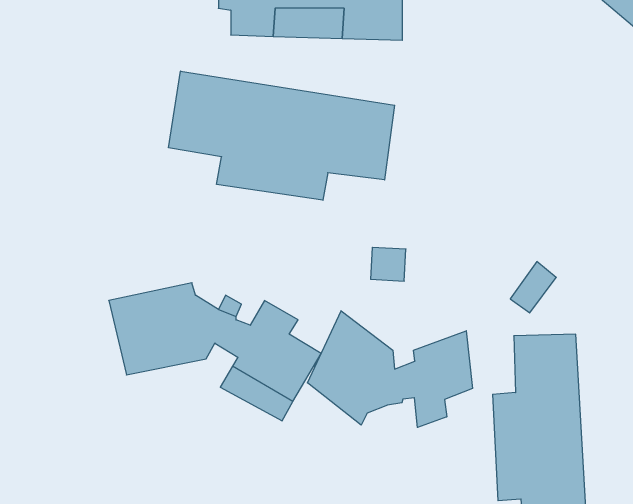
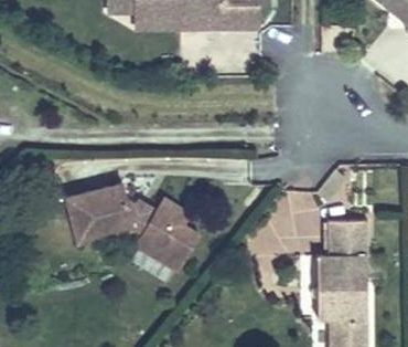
building: [169,71,395,200] -> none
building: [307,311,473,427] -> none

